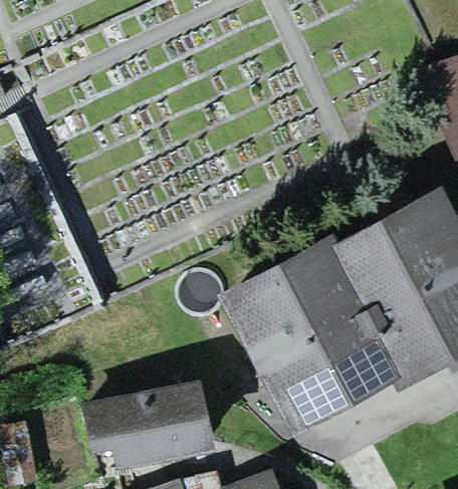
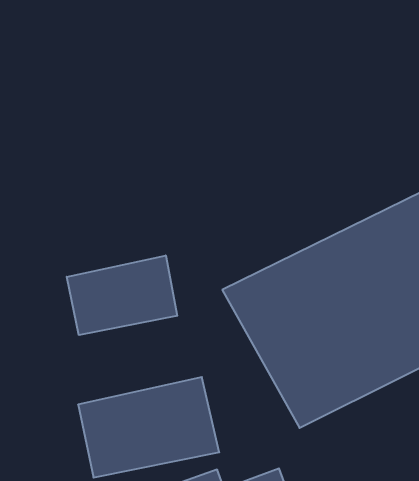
building: none -> [67,255,177,335]

